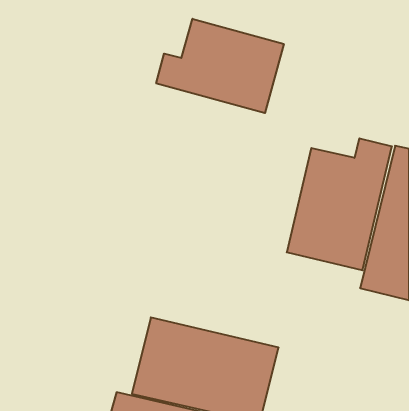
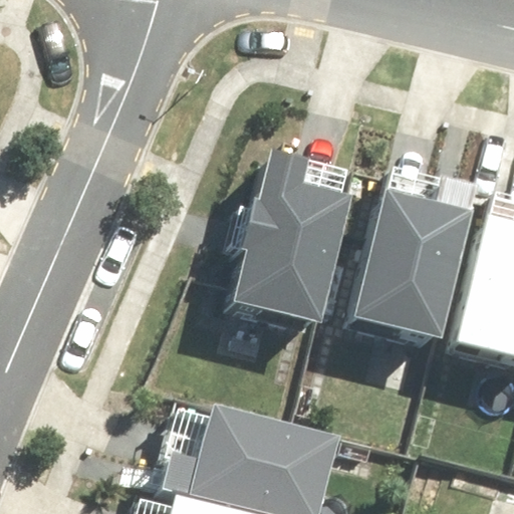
building: [156,19,284,113] -> none
building: none -> [229,148,356,326]

